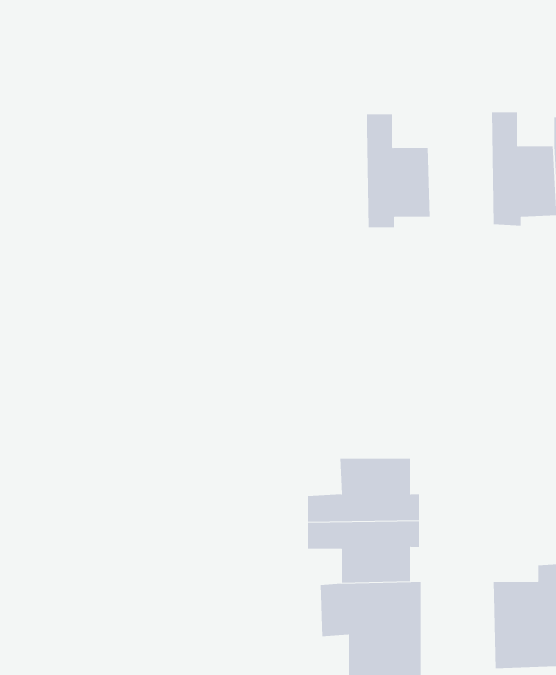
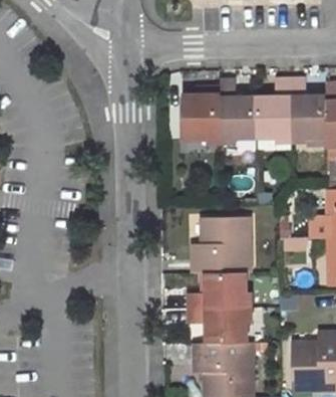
building: none -> [255,77,291,142]
building: none -> [182,86,221,143]
building: none -> [192,217,250,273]

